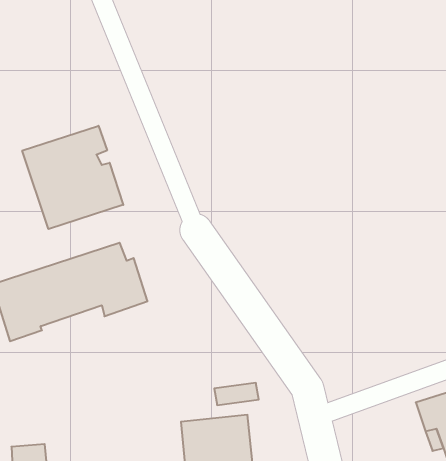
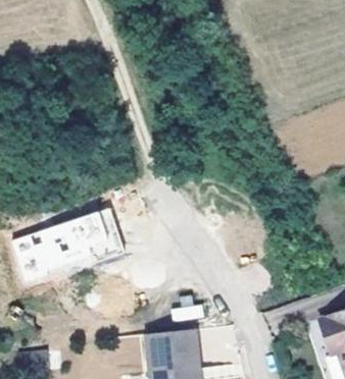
building: [22,126,123,229] -> none

